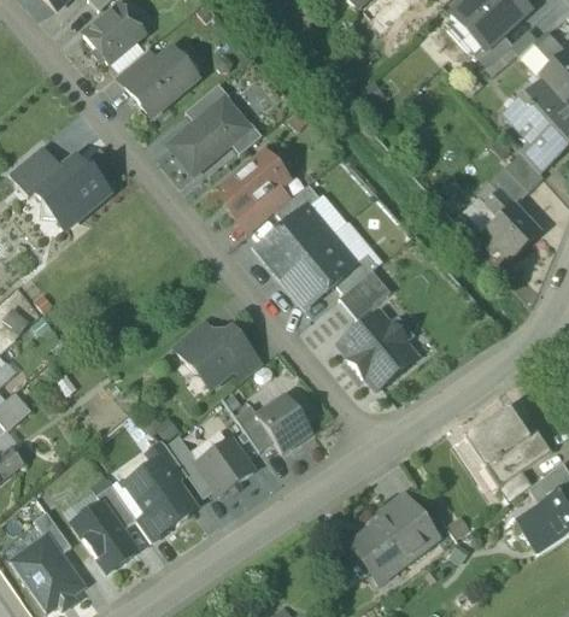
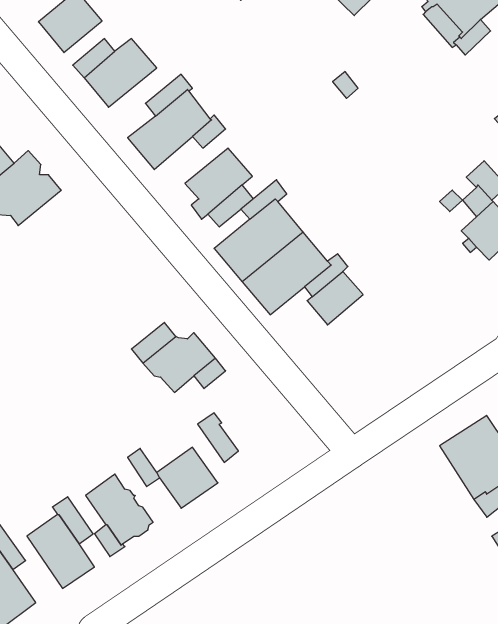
building: [341,311,416,387] -> none
building: [256,392,312,451] -> none
building: [147,440,187,481] -> none
building: [350,492,438,564] -> none

